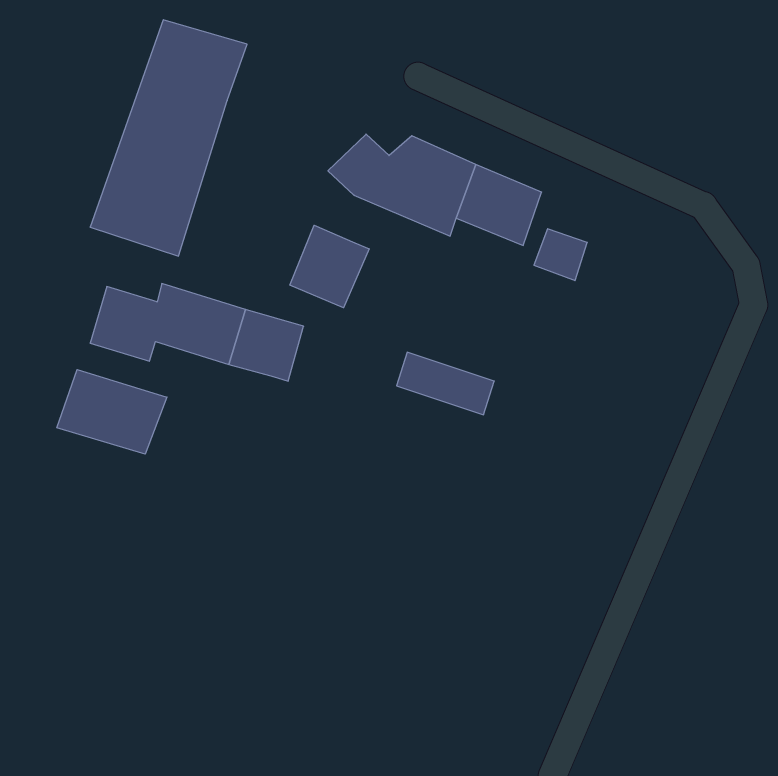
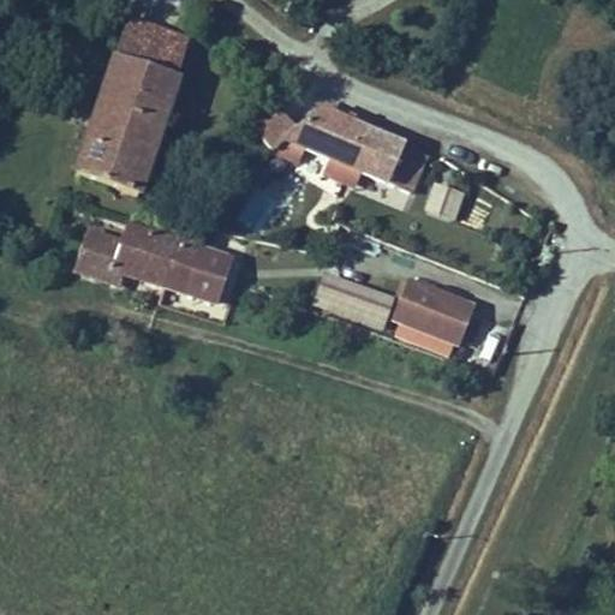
building: [290,225,369,308] -> none
building: none -> [390,280,472,356]
building: [57,370,167,454] -> none

